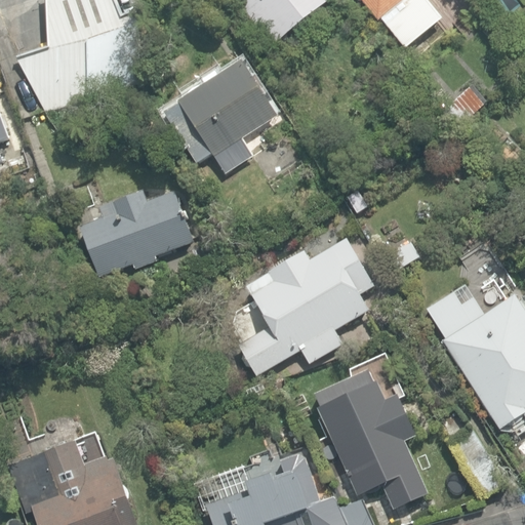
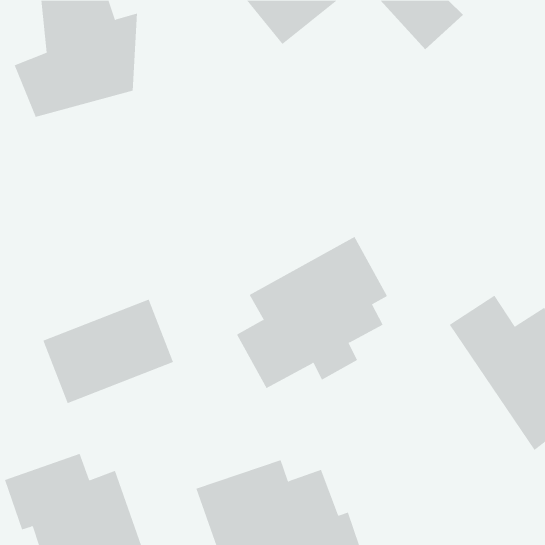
building: [167,60,276,173] -> none
building: [72,175,198,276] -> [42,299,174,404]
building: [307,352,431,518] -> none

